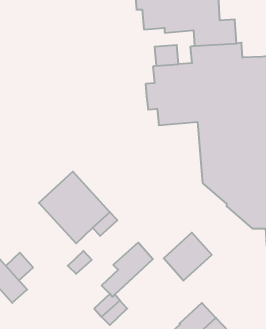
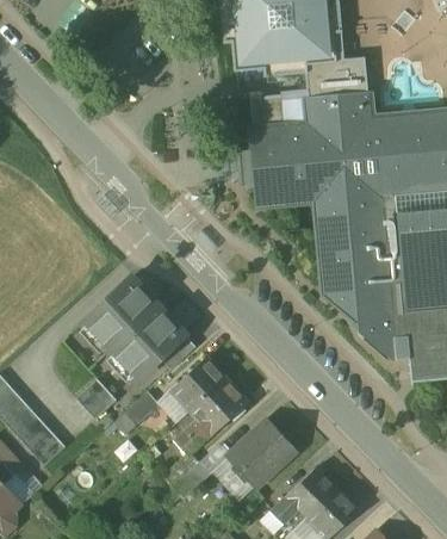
building: none -> [172,358,226,411]
building: [164,233,212,281] -> [229,420,298,489]
building: [6,253,33,281] -> [77,379,117,420]

